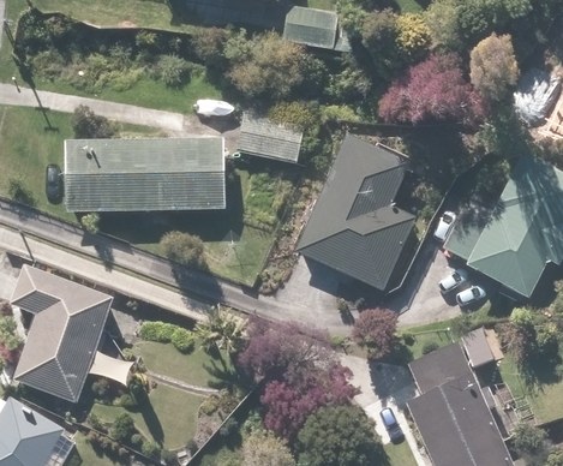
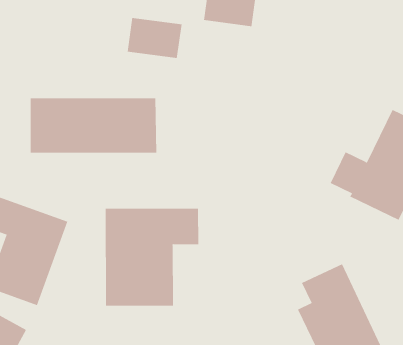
building: [238,114,307,166] -> [127,17,182,59]
building: [294,133,415,291] -> none
building: none -> [105,208,199,307]

